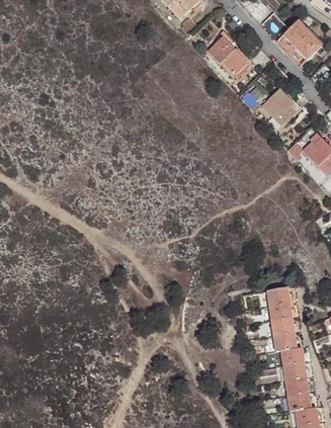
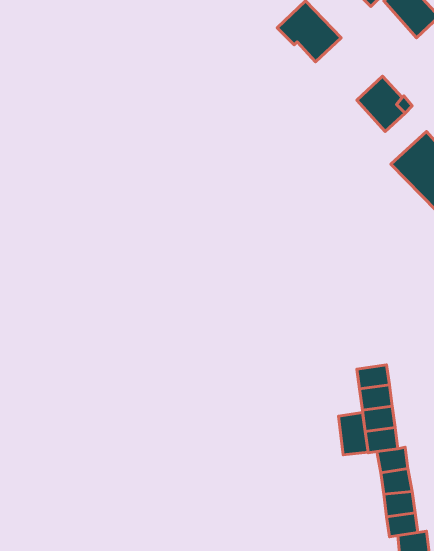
building: none -> [338,413,368,455]

